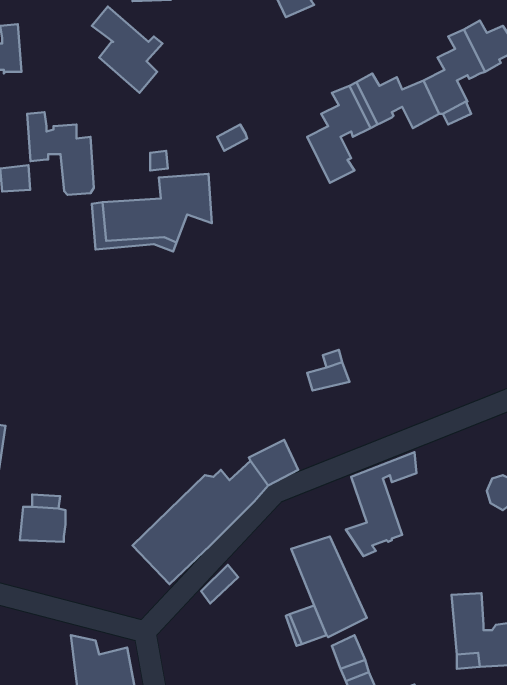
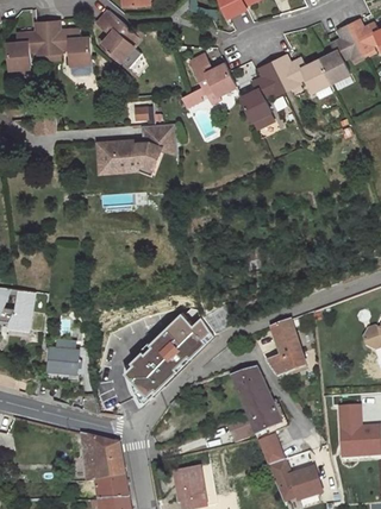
building: none -> [188,54,235,105]
building: [27,112,94,195] -> [45,20,90,76]

